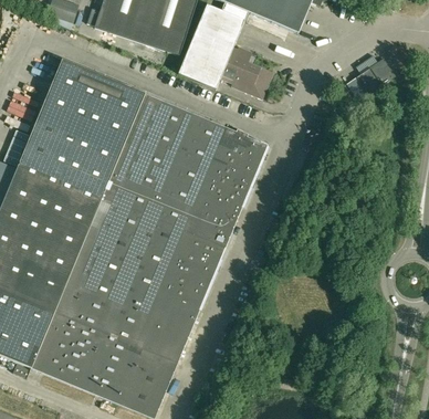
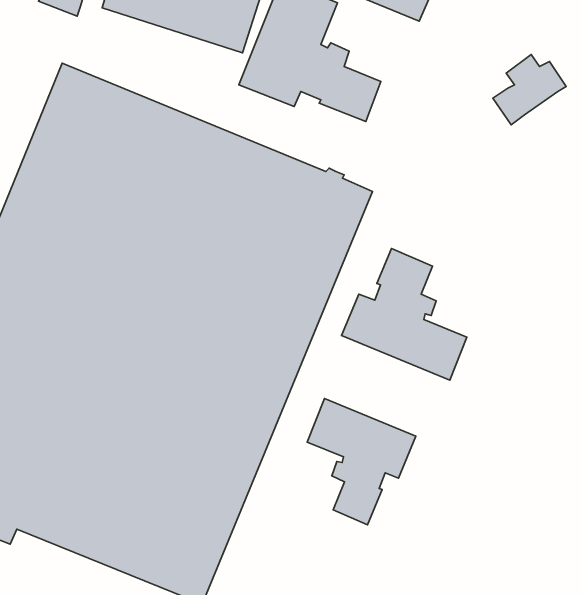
building: none -> [342,249,467,380]
building: none -> [307,399,416,525]

